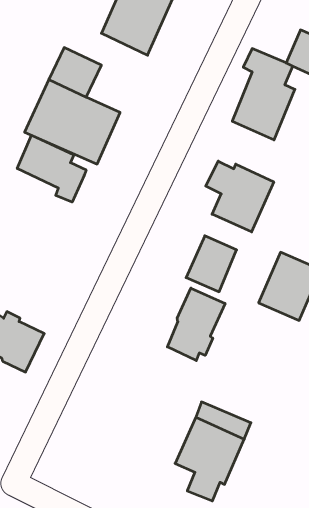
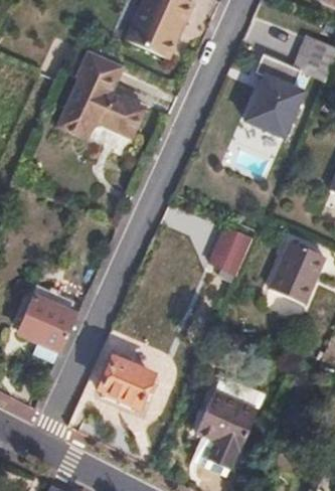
building: [17,135,86,202] -> none
building: [206,161,274,232] -> none
building: [167,288,225,361] -> none
building: none -> [101,358,151,406]

